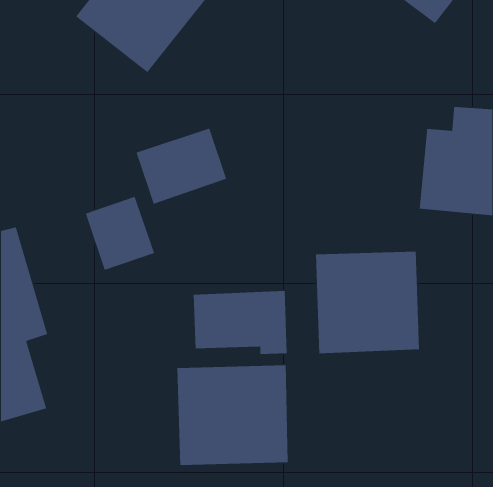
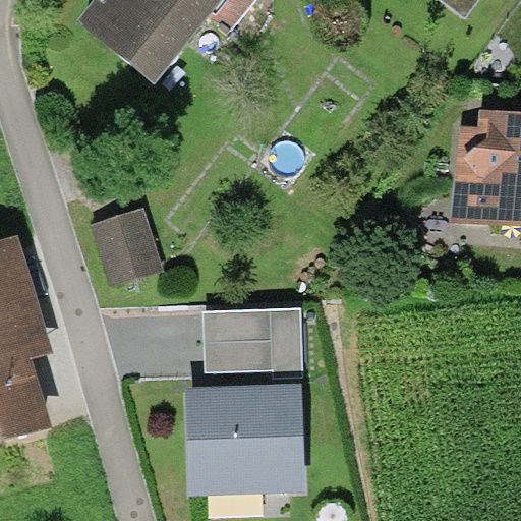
building: [135,127,227,205] -> none
building: [315,251,420,354] -> none

